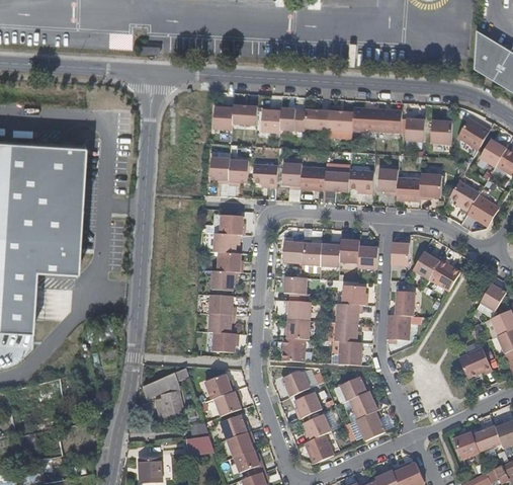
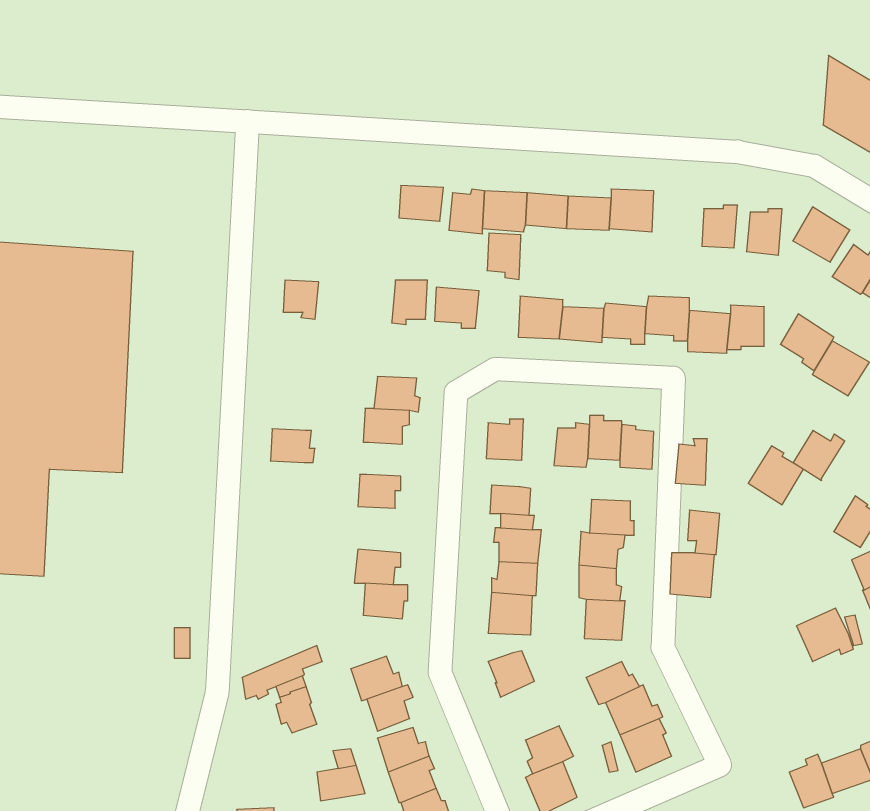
building: [213,105,234,131] -> none
building: [376,109,402,134] -> none
building: [210,161,231,183] -> [283,280,319,319]
building: [282,166,302,192] -> [487,233,521,279]
building: [303,239,323,265] -> none
building: [415,248,444,276] -> [793,430,845,480]
building: [215,252,240,271] -> [270,429,315,463]
building: [209,295,236,315] -> none
building: [294,391,322,418] -> none

